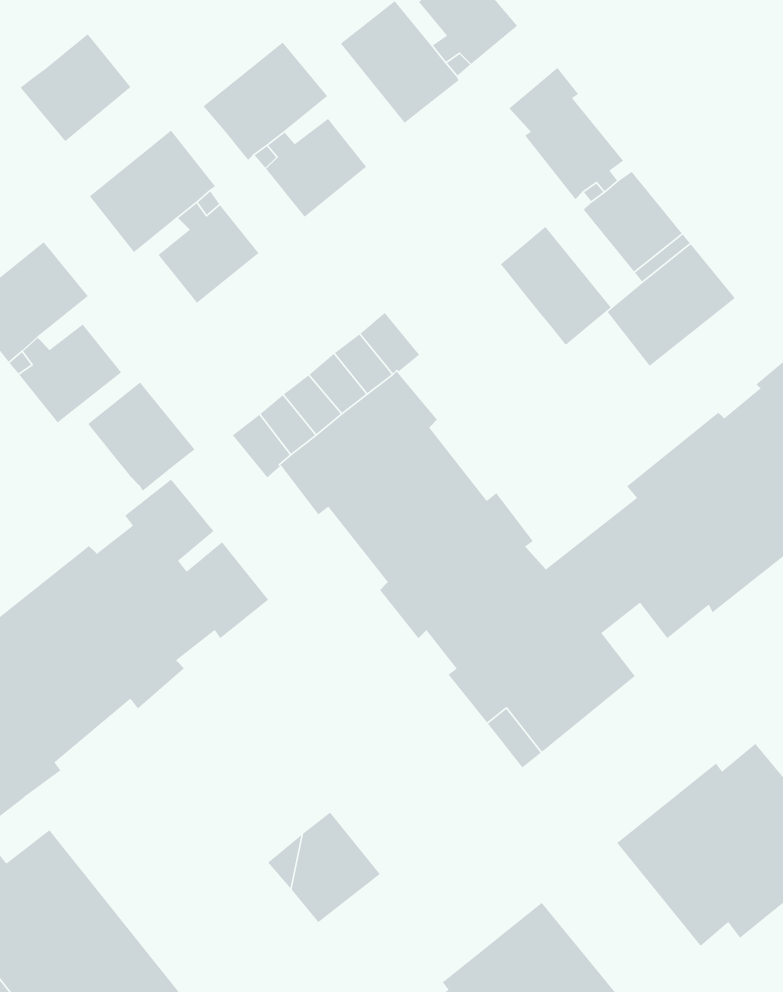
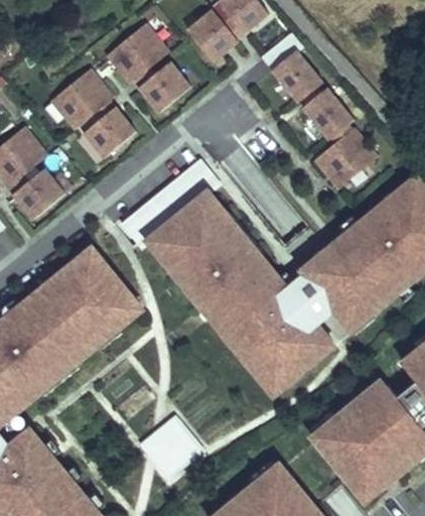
building: [20,33,132,142] -> none
building: [500,226,612,346] -> none
building: [87,382,196,492] -> none

